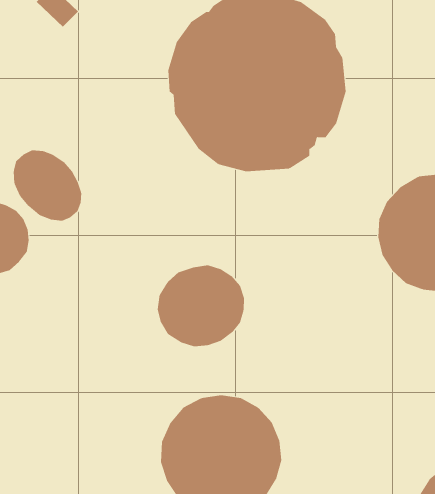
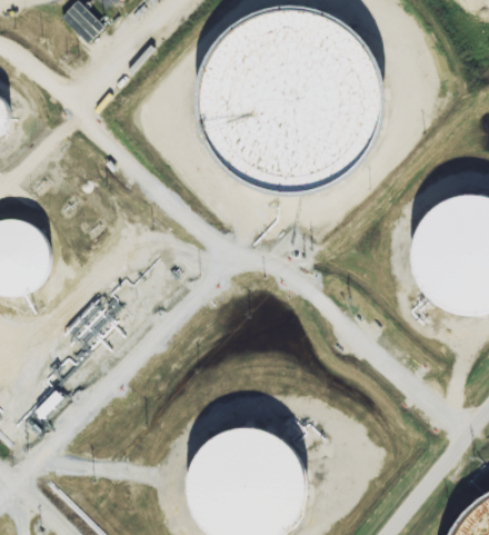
building: [13,149,82,221] -> none
building: [157,264,245,347] -> none

